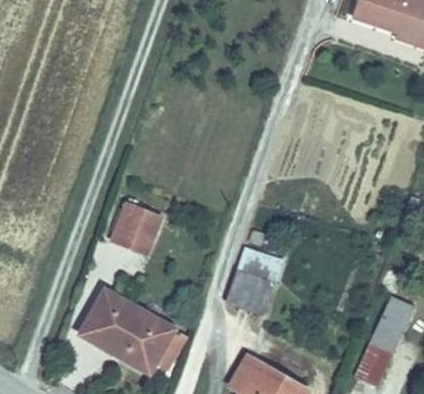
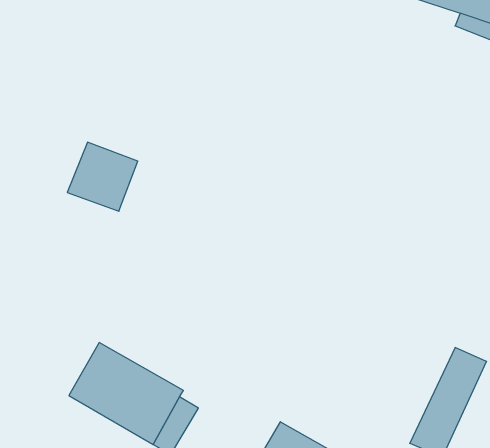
building: [106,199,163,255] -> [67,142,138,211]
building: [227,247,282,312] -> none

